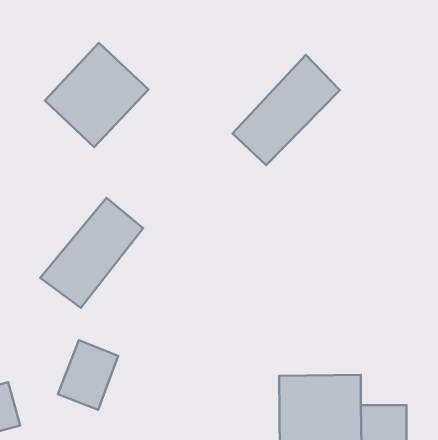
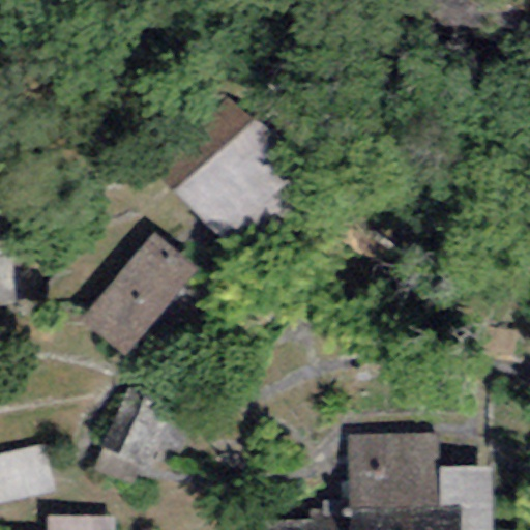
building: [45,43,148,147] -> [177,127,294,245]
building: [232,55,340,165] -> none

